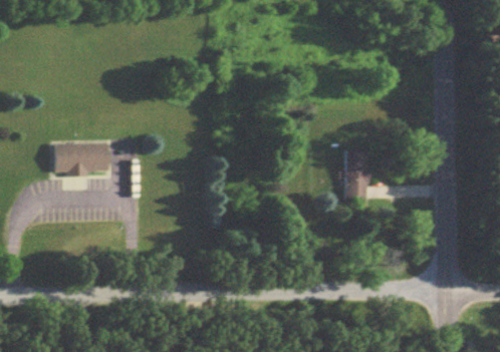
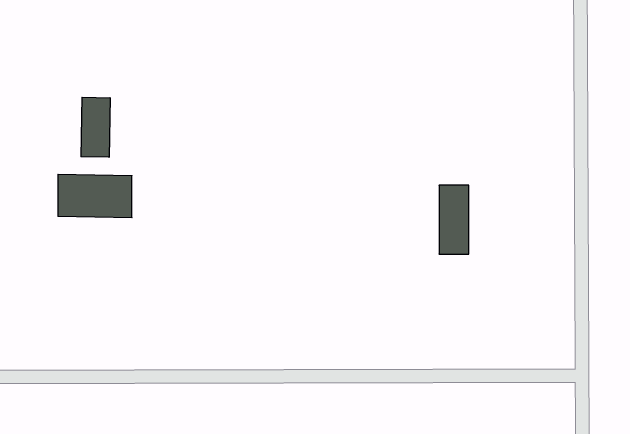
building: none -> [81,97,110,157]

